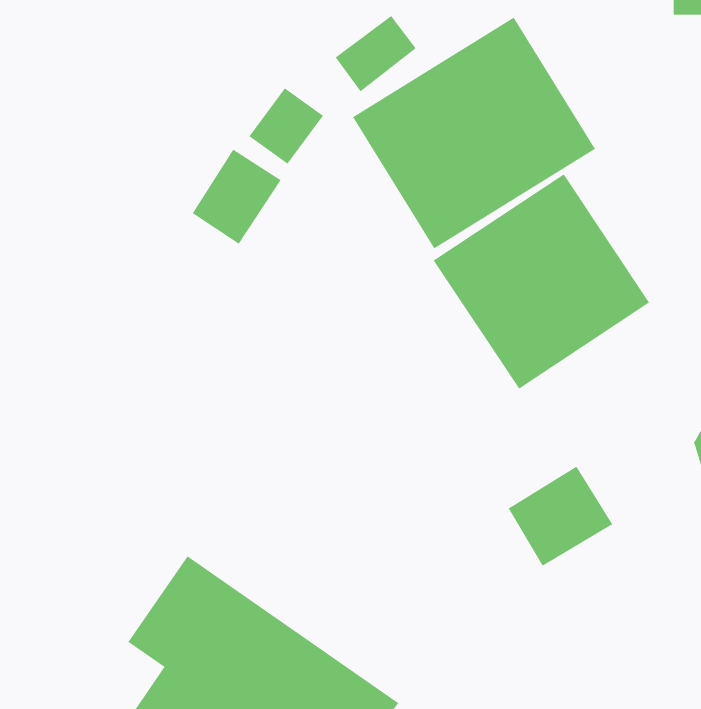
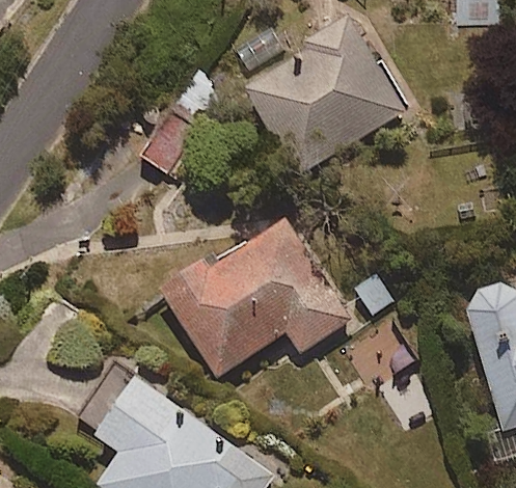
building: [433,173,650,389] -> none
building: none -> [159,218,353,377]

